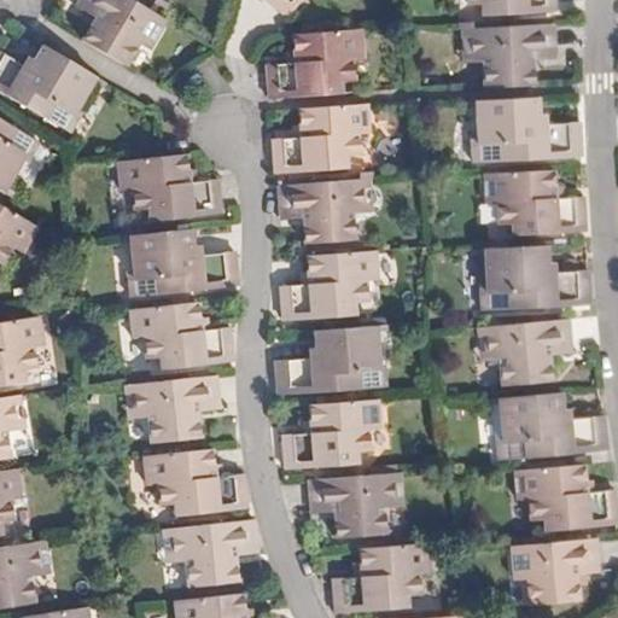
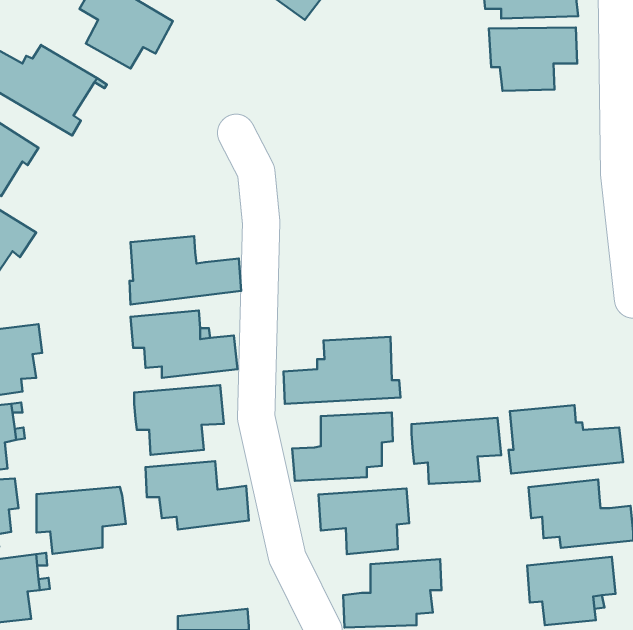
building: [272,31,367,99] -> none
building: [468,100,579,164] -> none
building: [274,105,371,174] -> none
building: [116,154,221,221] -> none
building: [482,171,583,237] -> none
building: [280,181,367,245] -> none
building: [479,246,589,311] -> none
building: [282,252,378,322] -> none
building: [483,321,570,385] -> [412,418,501,484]
building: [169,519,256,584] -> [36,487,126,554]

